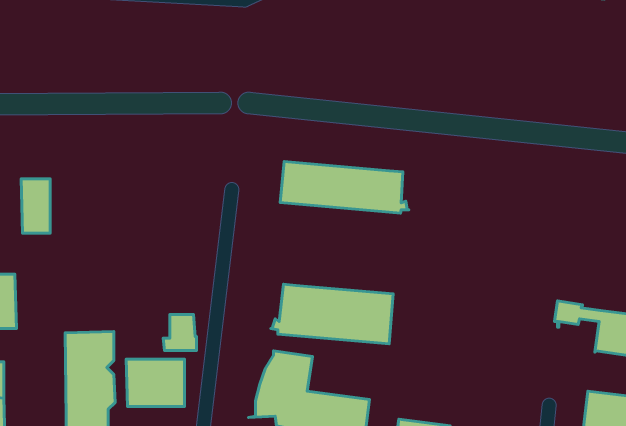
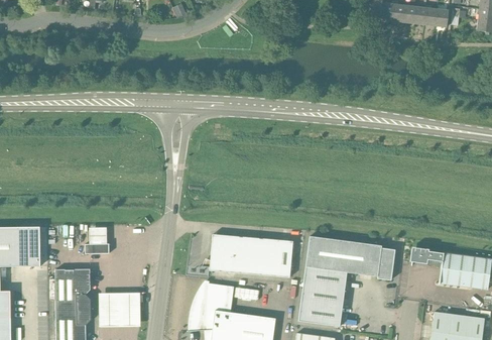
building: [280,161,409,213] -> none
building: [21,179,50,233] -> [18,227,39,266]
building: none -> [297,236,394,326]
building: [163,314,196,351] -> [84,227,108,253]

